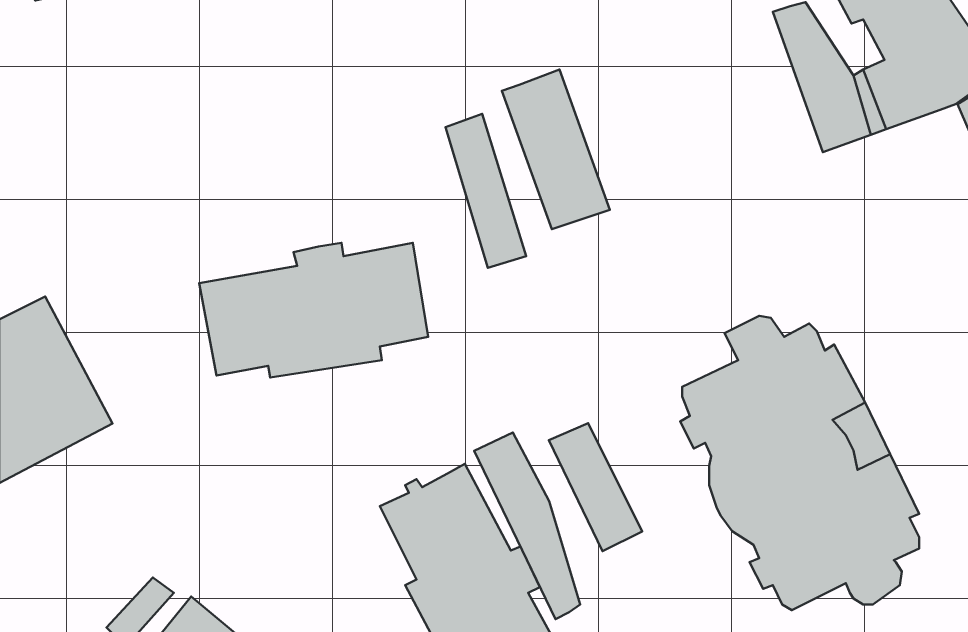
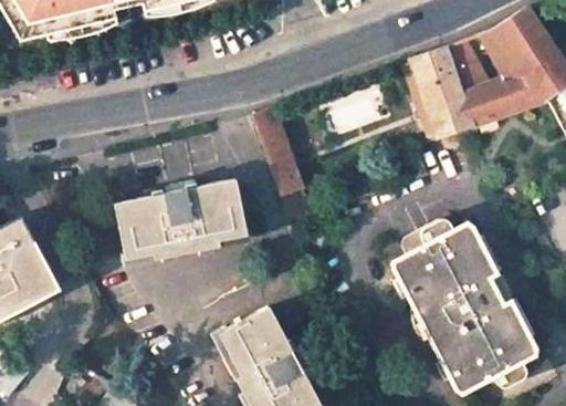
building: [502,70,610,229] -> [411,46,473,138]
building: [549,423,642,551] -> none
building: [474,432,580,619] -> none

